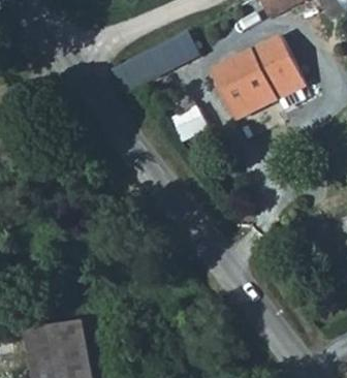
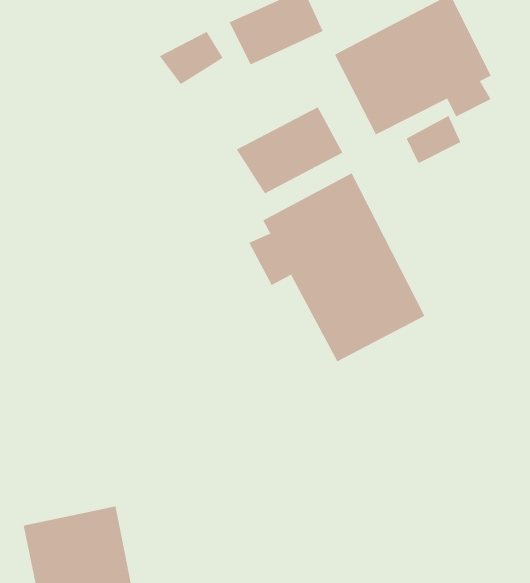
building: none -> [248,173,425,362]

